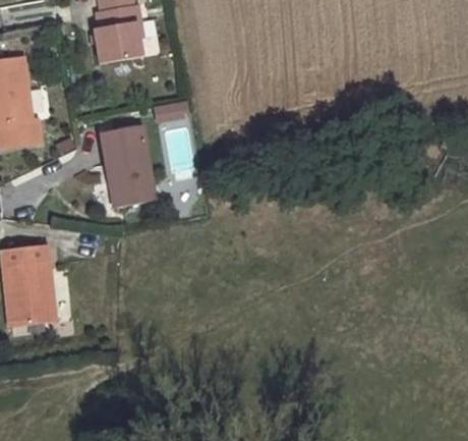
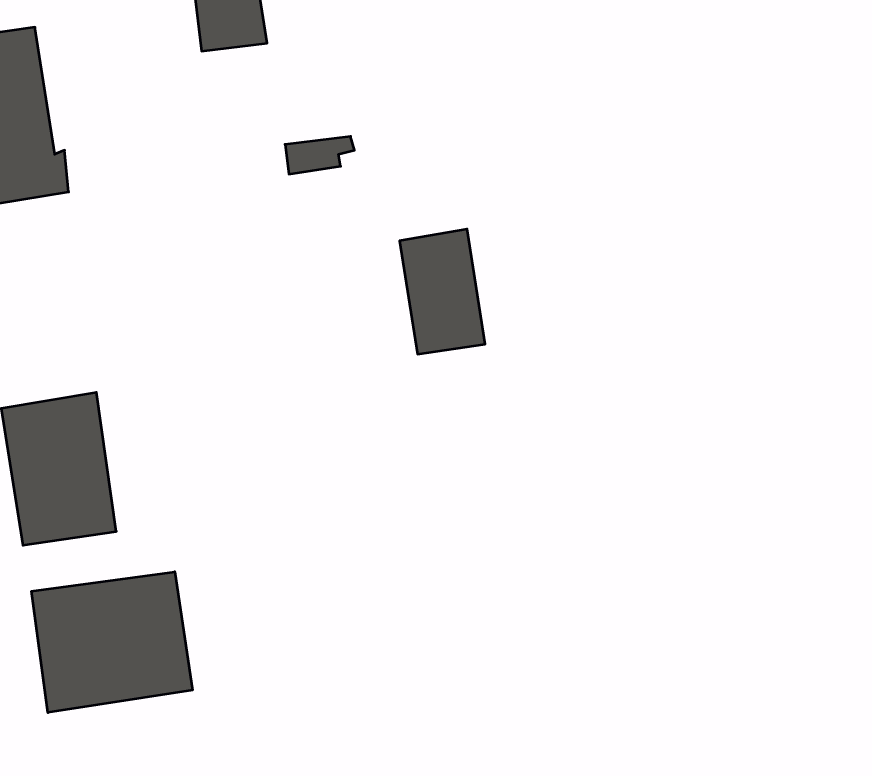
building: [104,140,148,204] -> [400,229,485,354]
building: none -> [32,572,192,713]

